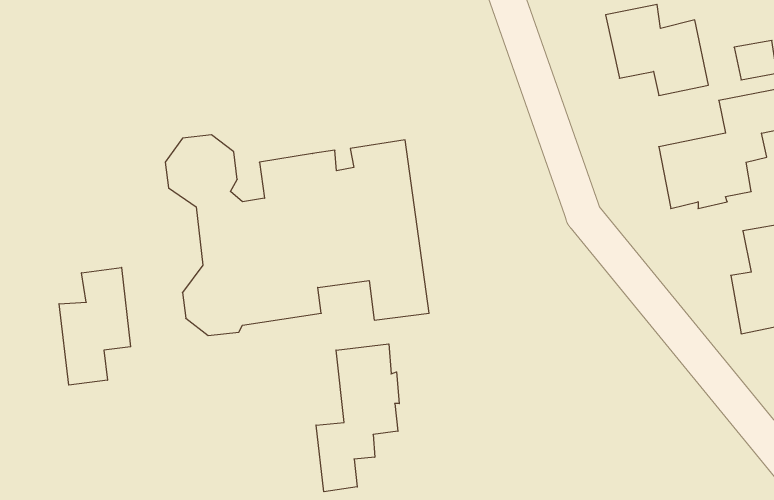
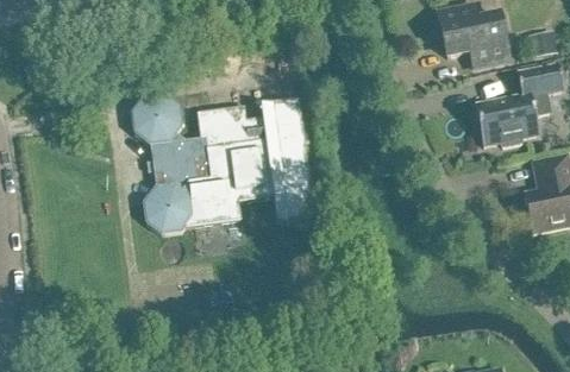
building: [59,267,131,385] -> none
building: [316,344,399,492] -> none

